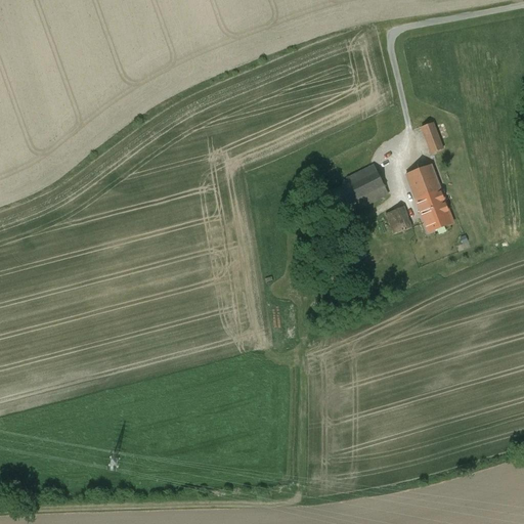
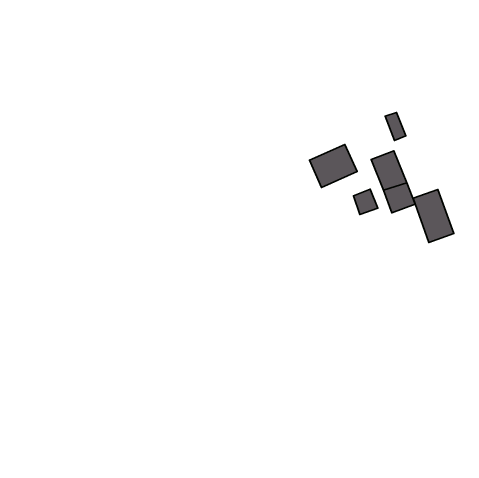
building: none -> [413,189,454,242]

